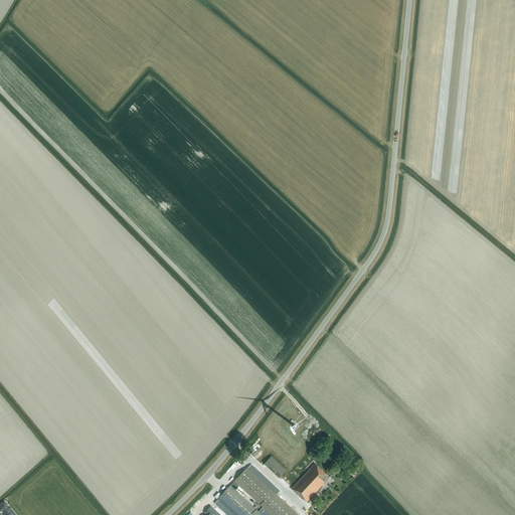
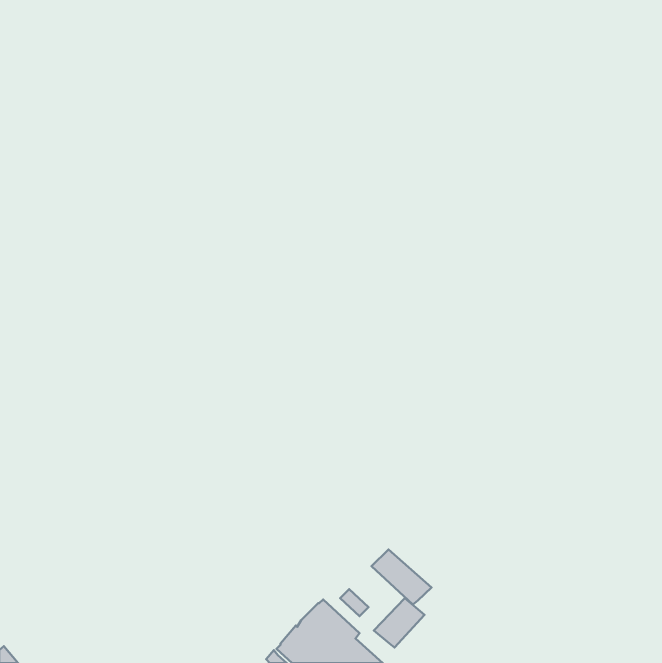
building: none -> [372,549,431,604]

